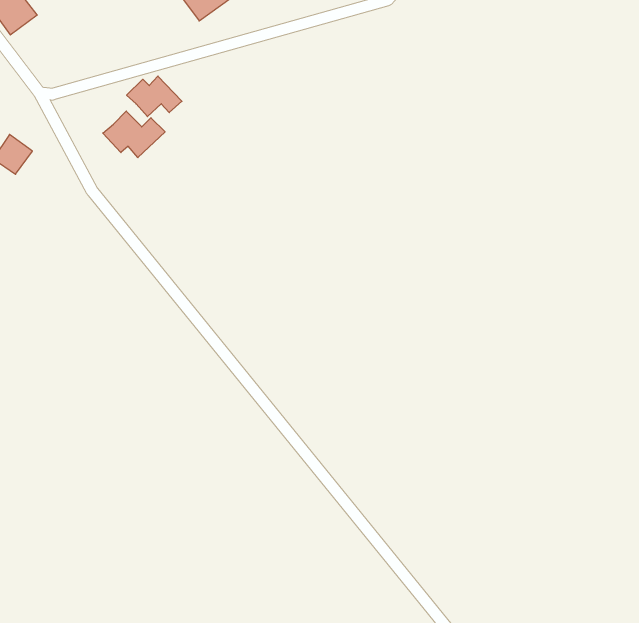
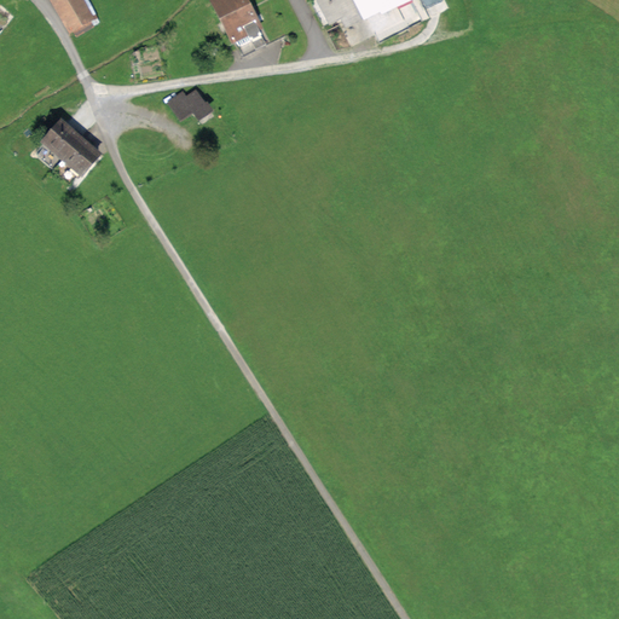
building: [103,111,165,158] -> none
building: none -> [62,138,97,173]

